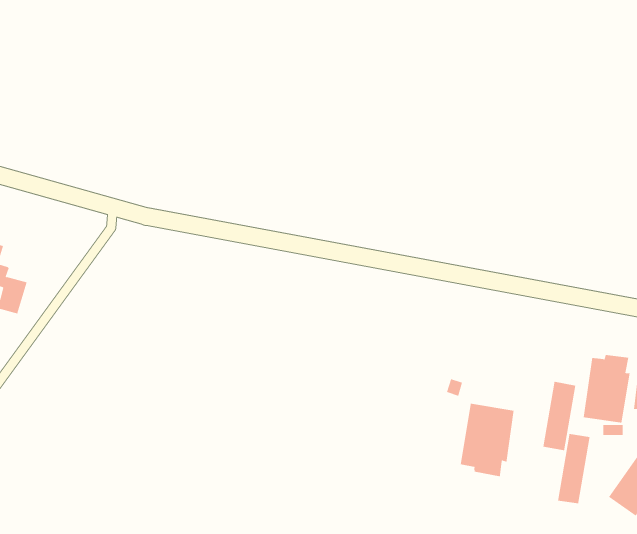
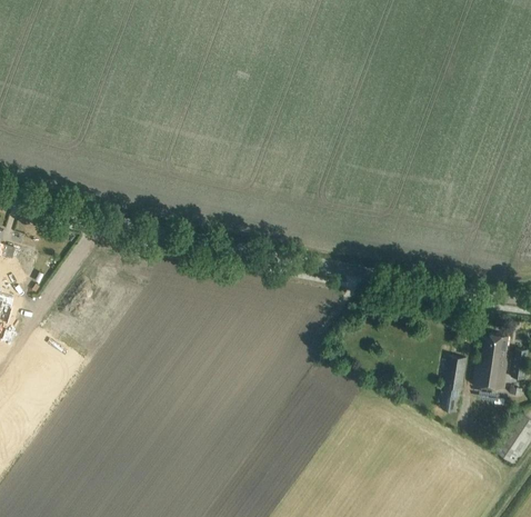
building: [460,403,514,477] -> none
building: [558,433,590,504] -> none

